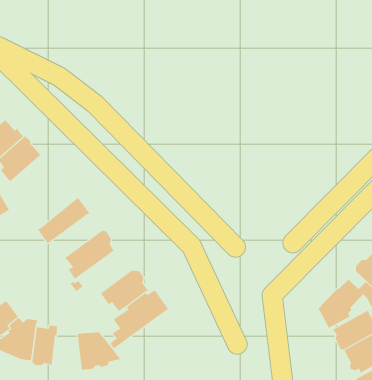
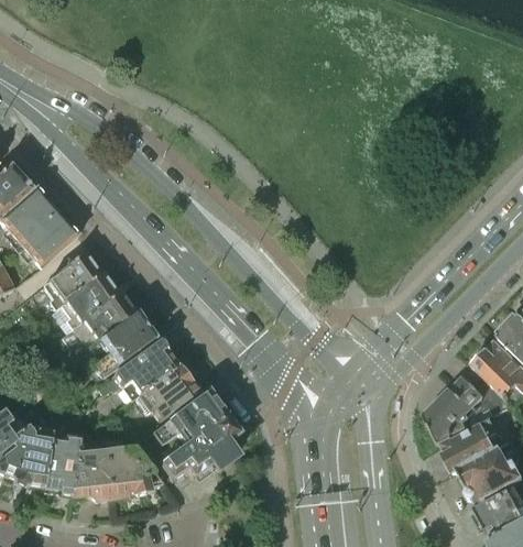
building: none -> [14,211,77,266]
building: none -> [43,248,99,308]
building: none -> [54,287,137,367]
building: none -> [112,338,178,397]
building: none -> [152,415,240,481]
building: none -> [70,448,109,497]

